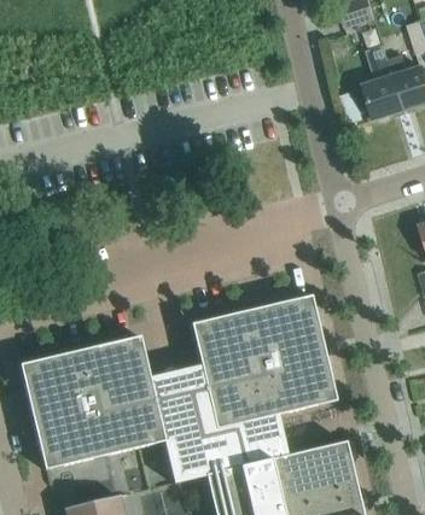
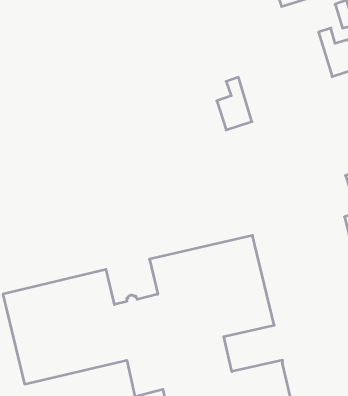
building: [362,58,403,119] -> [217,77,252,130]

